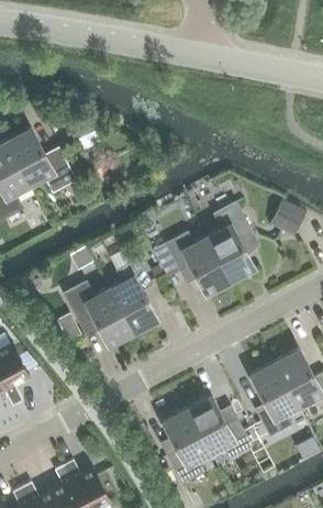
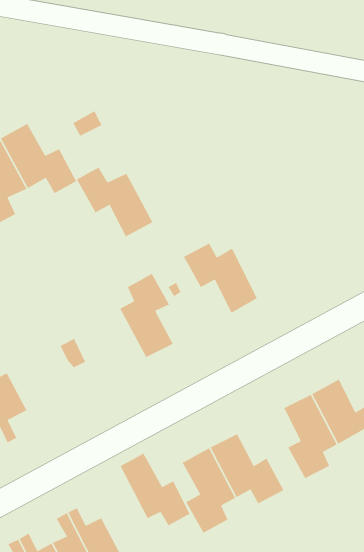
building: [270,200,305,236] -> none
building: [207,205,253,280] -> none
building: [65,284,132,345] -> [76,166,154,238]
building: none -> [119,452,190,527]

